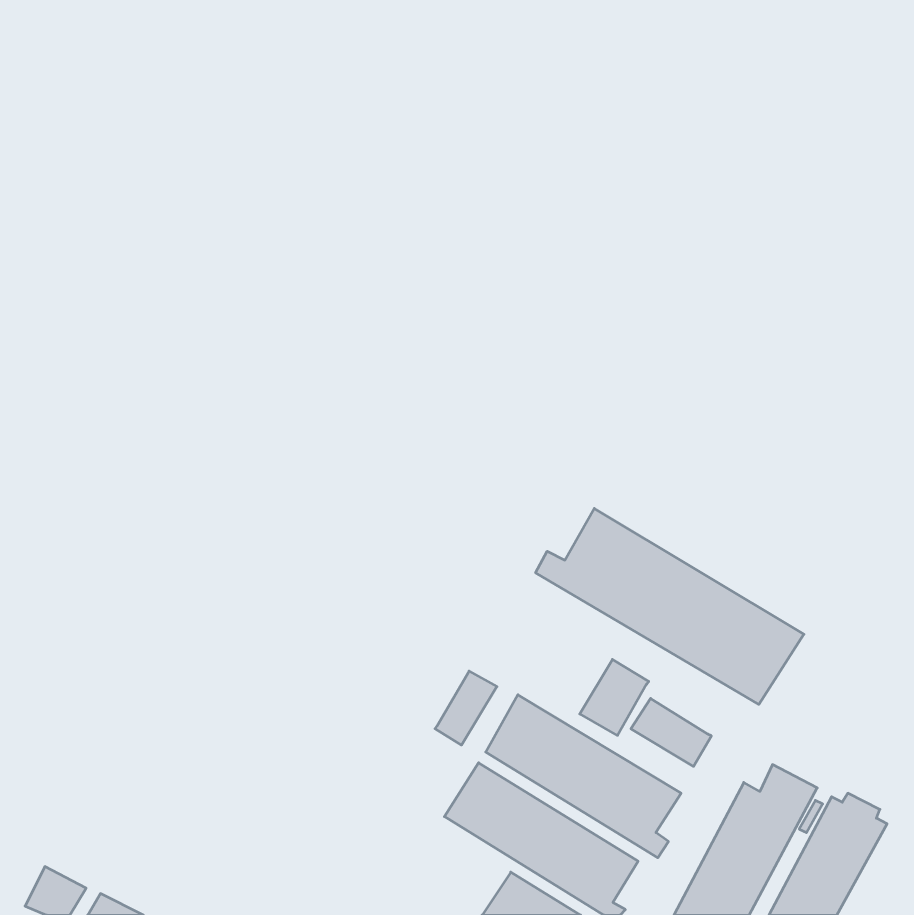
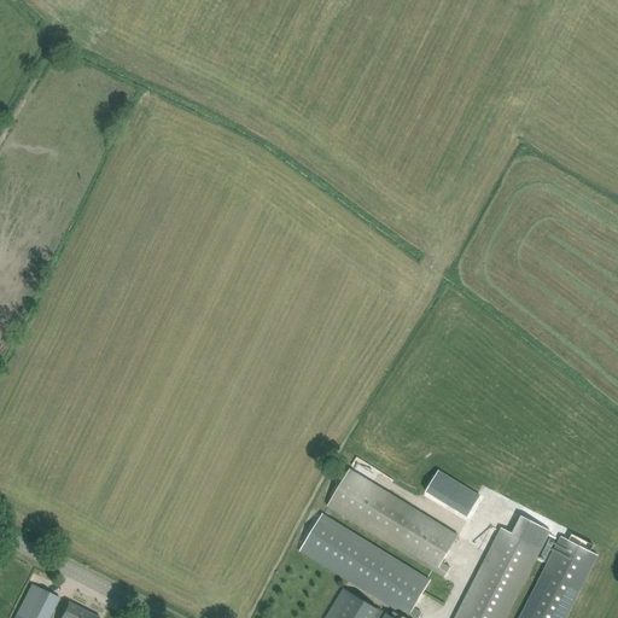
building: [536,508,804,704] -> none
building: [580,659,649,735] -> none
building: [435,671,497,745] -> none

